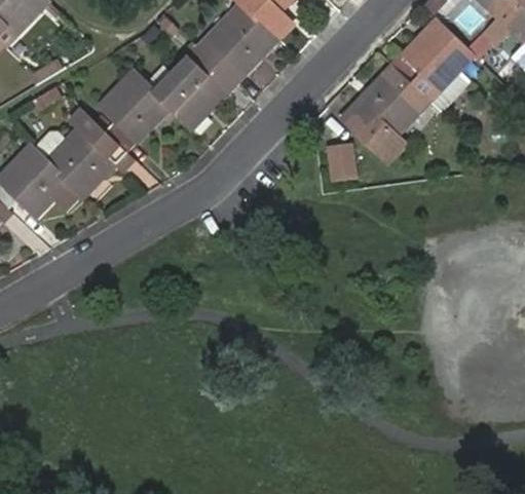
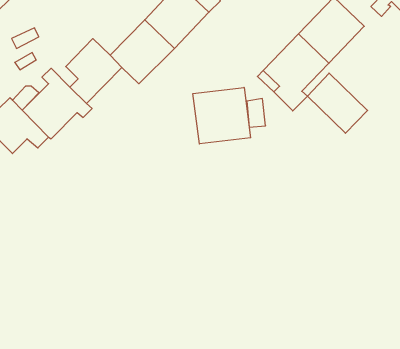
building: none -> [308,73,368,133]
building: none -> [193,87,251,144]

